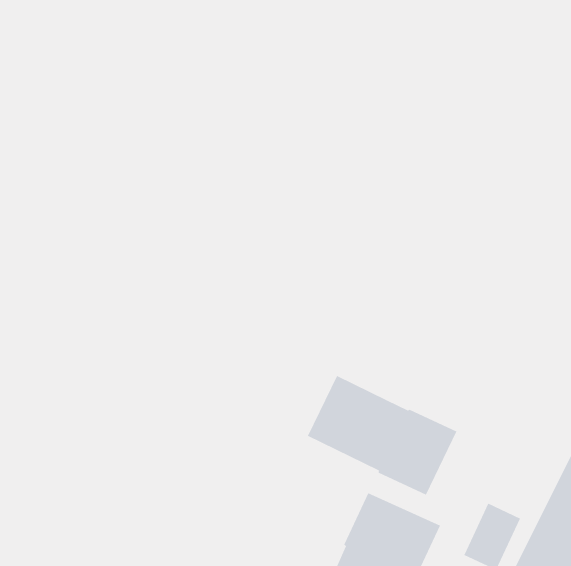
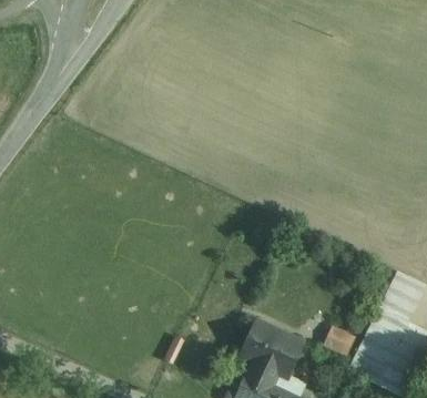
building: [307,375,457,496] -> none

